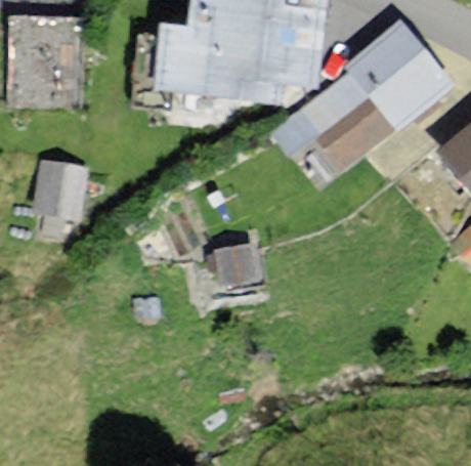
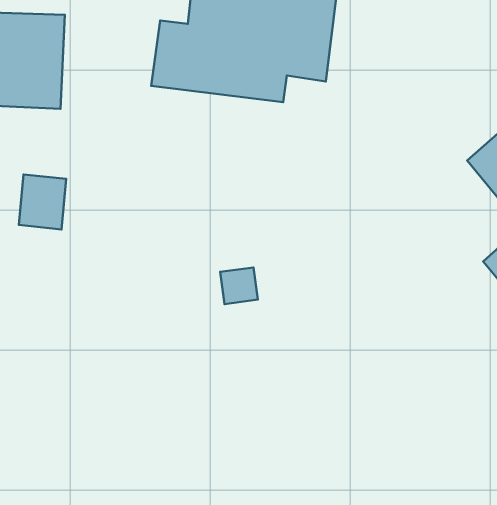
building: [306,26,443,157] -> none

